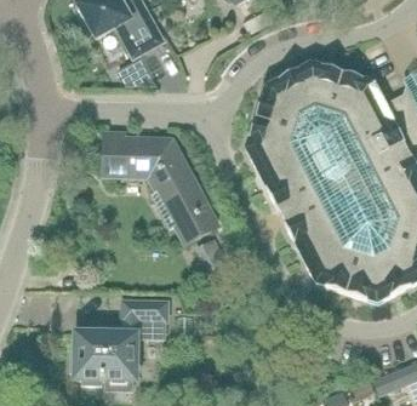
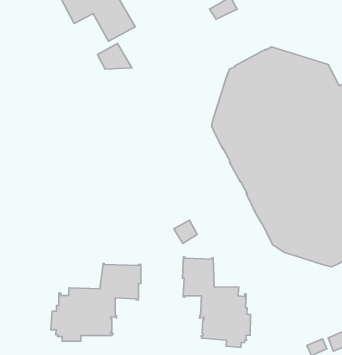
building: [105,130,217,241] -> none
building: none -> [182,257,250,347]

